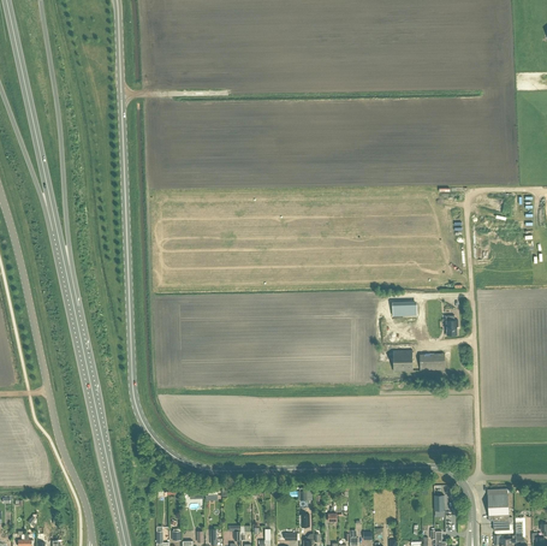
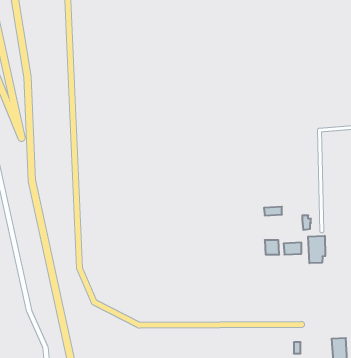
building: none -> [308,236,325,263]

